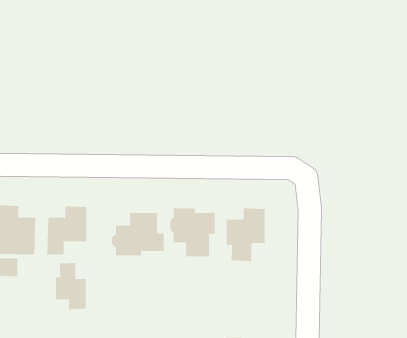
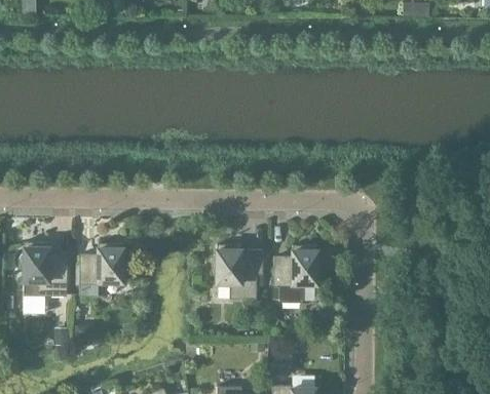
building: [111,212,164,256] -> none
building: [55,262,86,310] -> none

